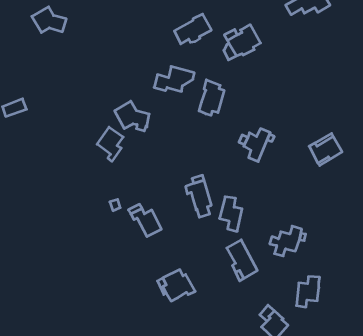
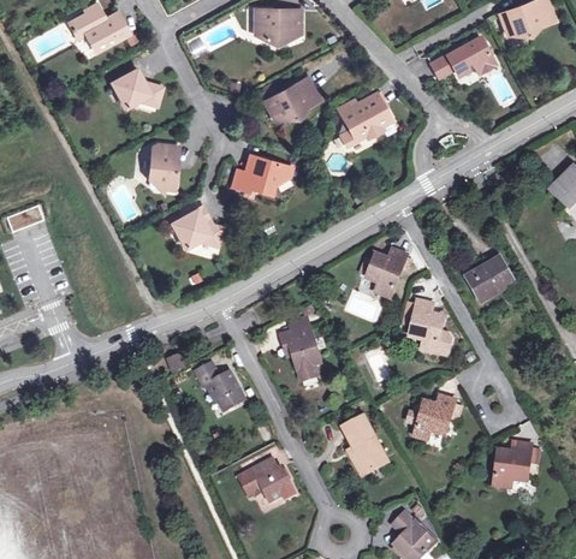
building: [32,7,66,33] -> [112,70,164,108]
building: none -> [149,144,179,190]
building: [199,80,224,115] -> none
building: [97,127,123,161] -> none
building: [219,197,242,231] -> [409,299,443,351]
building: [296,277,320,307] -> [495,441,530,487]

